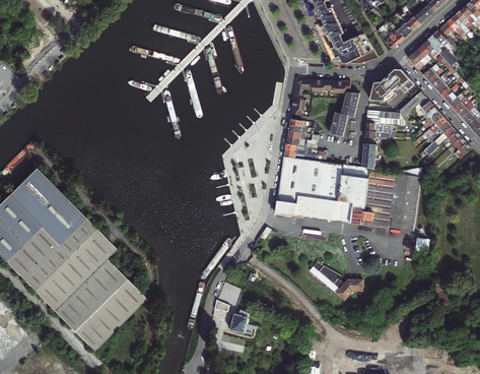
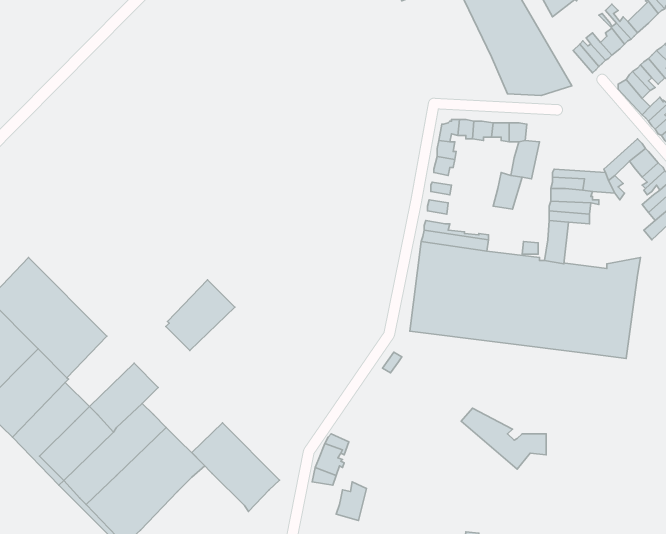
building: [369,69,413,101] -> none
building: [58,215,101,260] -> [166,280,235,351]
building: none -> [192,423,279,512]

